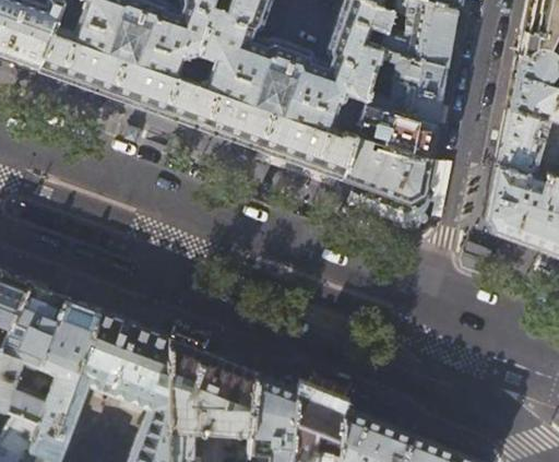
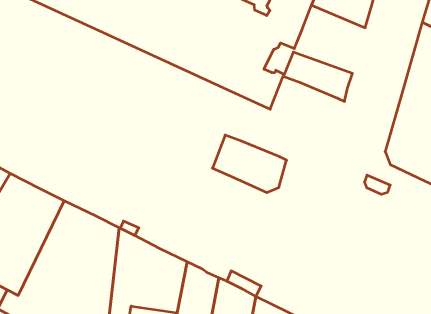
building: [362,49,448,128] -> none
building: [341,139,430,204] -> [212,135,287,193]

